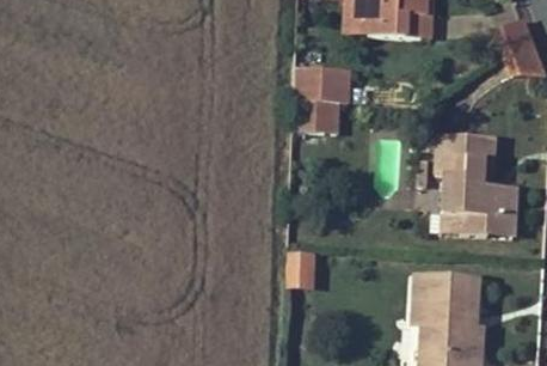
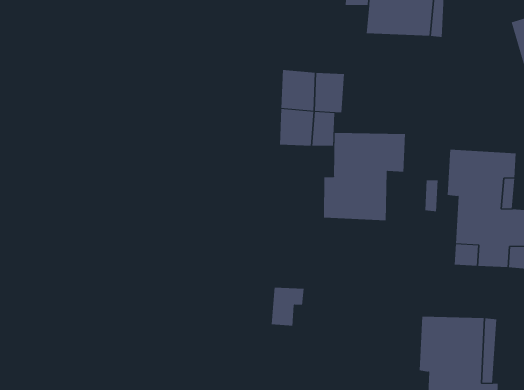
building: none -> [323,132,406,221]

